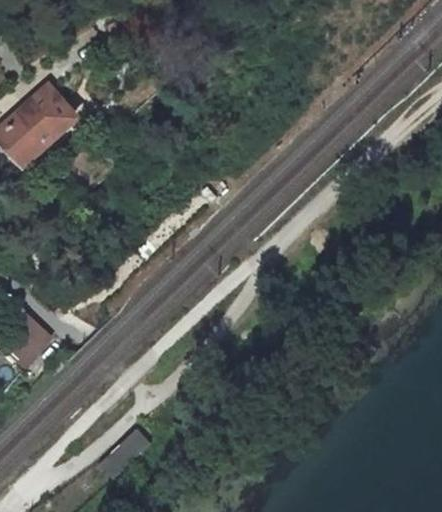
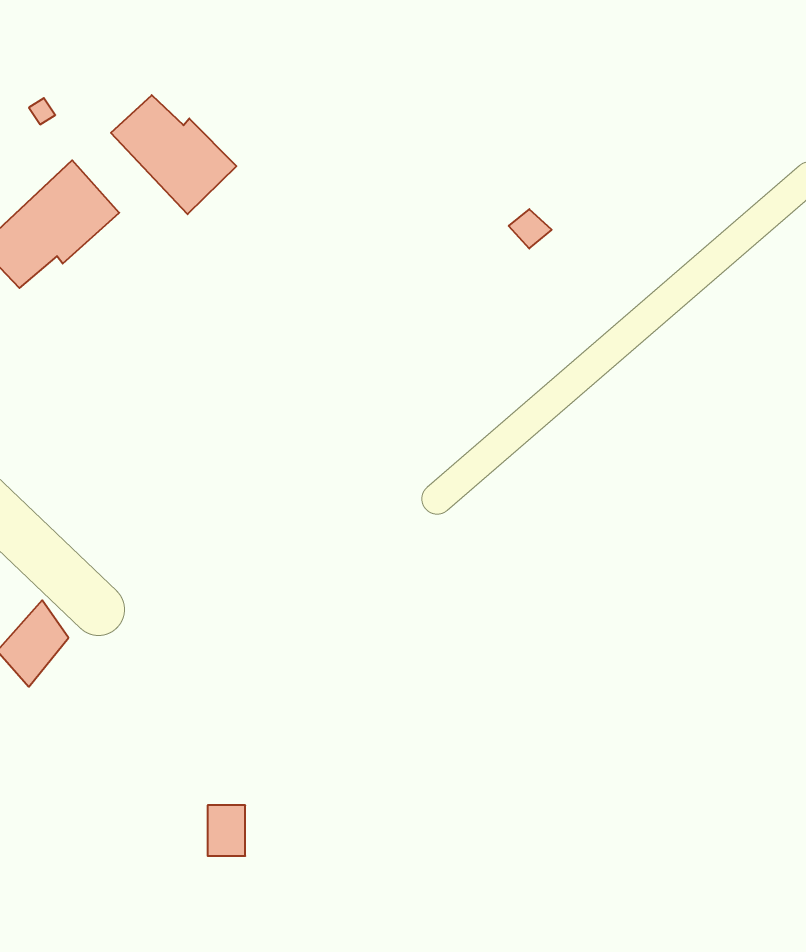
building: none -> [111,95,236,214]

